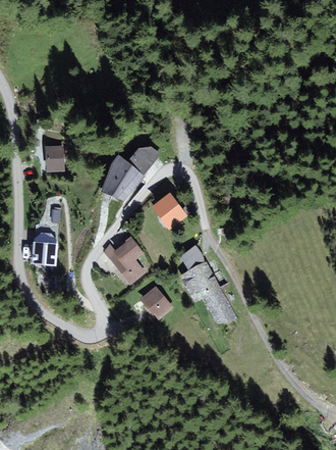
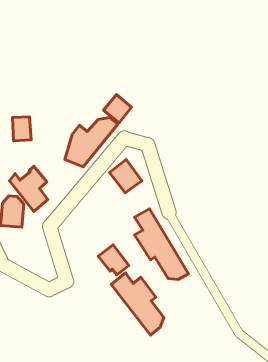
building: none -> [103,95,131,123]
building: [103,235,145,285] -> [10,166,48,212]
building: none -> [111,273,164,335]

